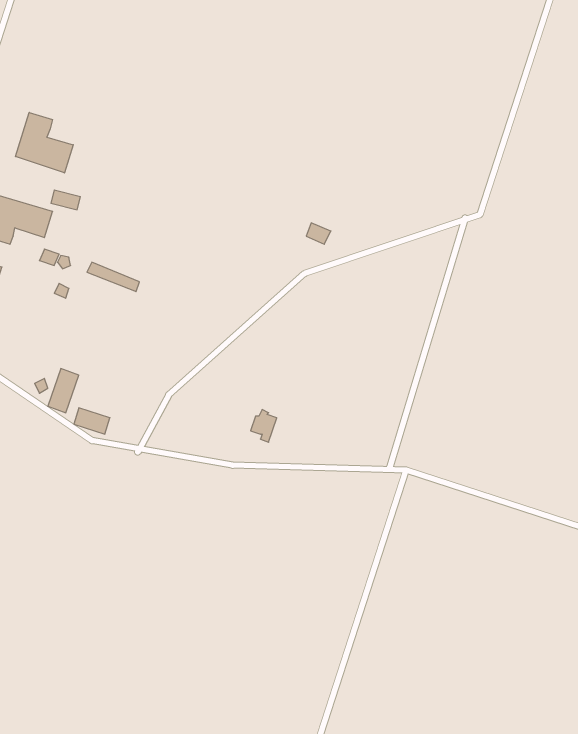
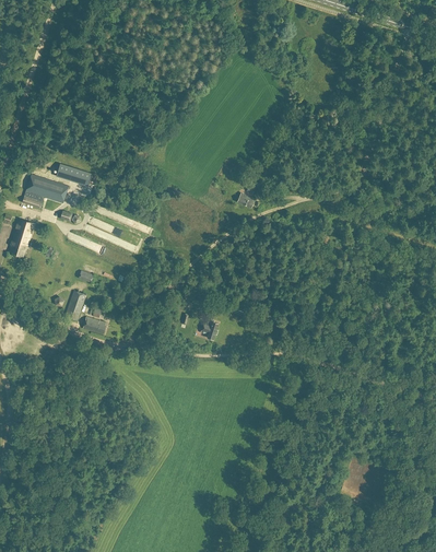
building: [16,112,73,173] -> none

